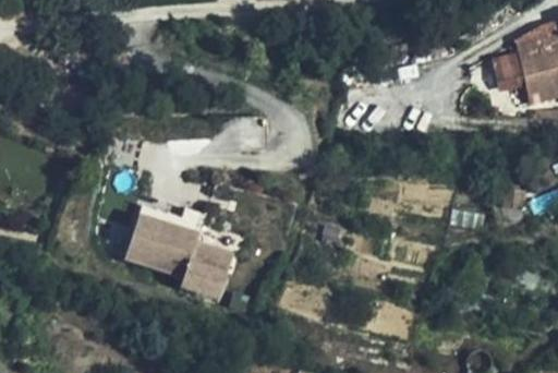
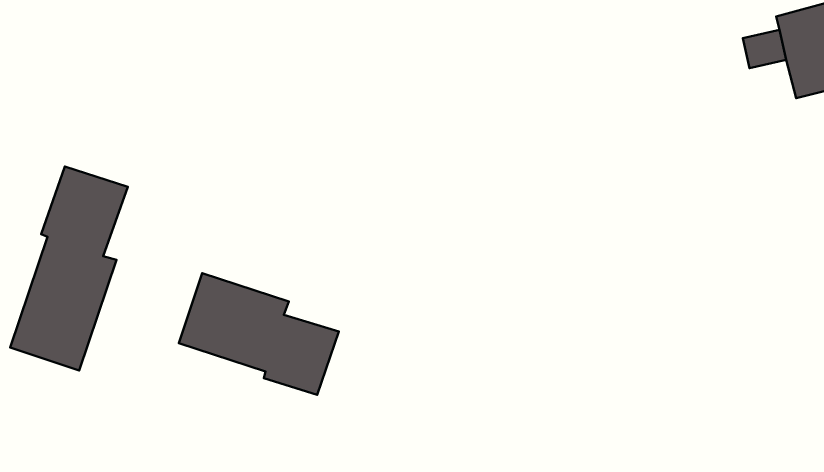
building: none -> [10,167,128,370]

